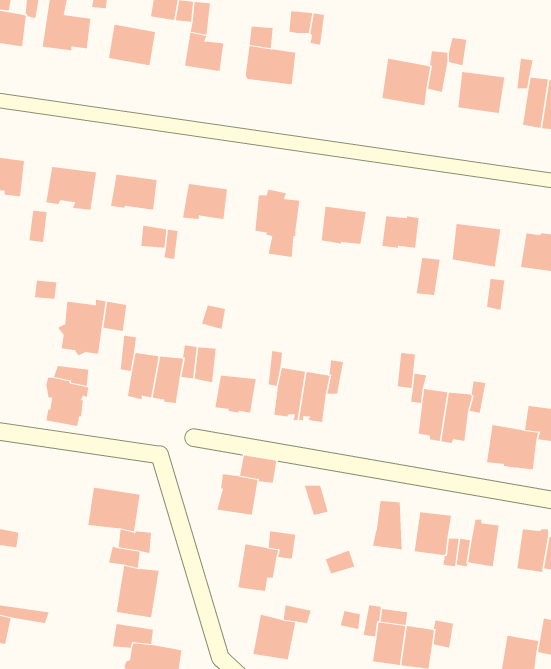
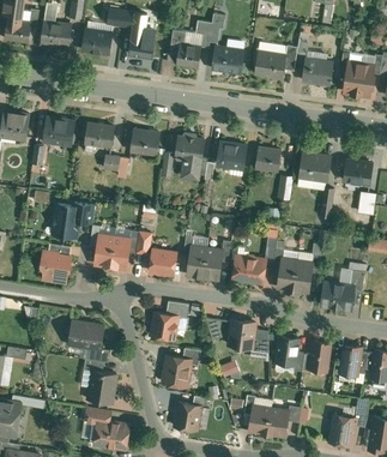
building: none -> [213,46,243,72]
building: none -> [232,254,266,282]
building: none -> [228,319,255,348]

